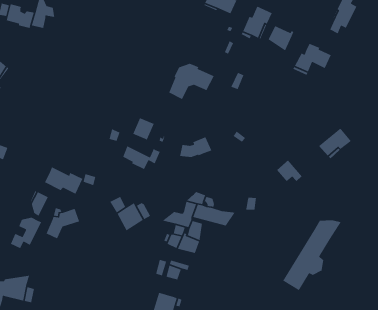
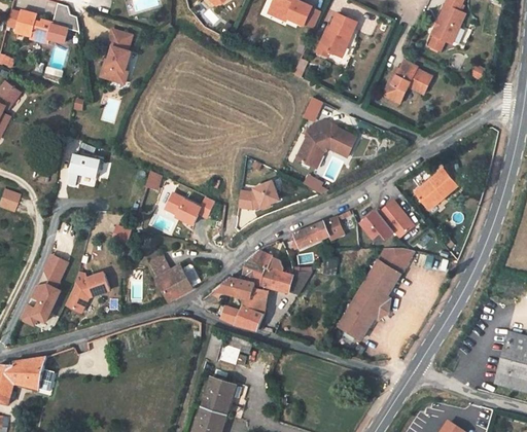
building: none -> [99,28,129,81]
building: [268,25,295,52] -> none
building: [168,63,215,100] -> [297,118,357,166]
building: none -> [67,153,101,185]
building: [132,117,155,141] -> none
building: none -> [379,200,415,239]
building: none -> [292,215,344,249]
building: [44,166,84,195] -> none
building: [282,220,342,291] -> [338,248,414,339]

